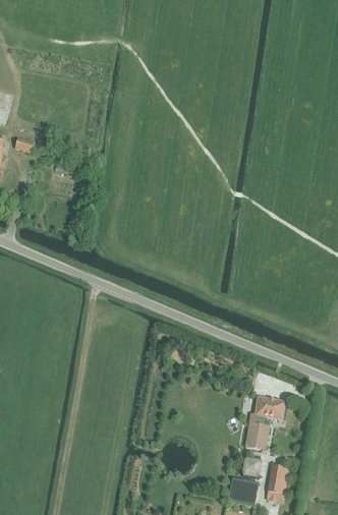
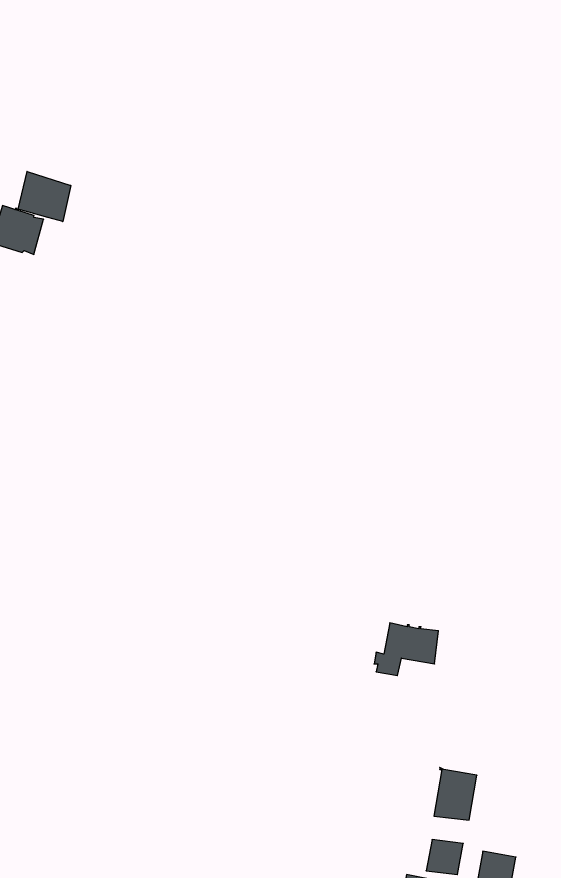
building: none -> [15,171,71,222]
building: [249,397,283,424] -> [374,623,438,676]

